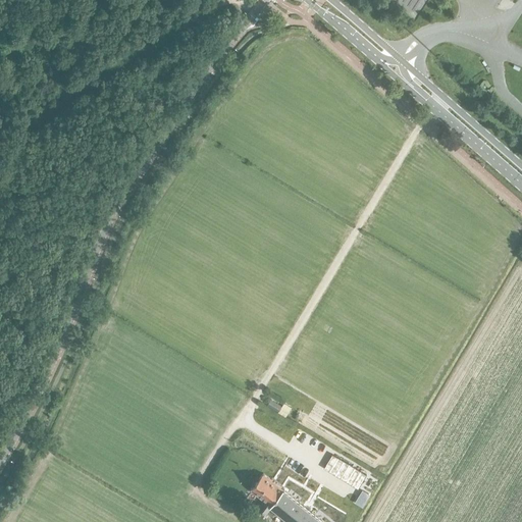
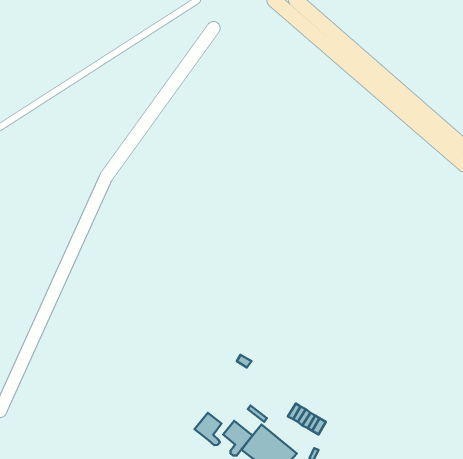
building: none -> [195,413,222,445]

